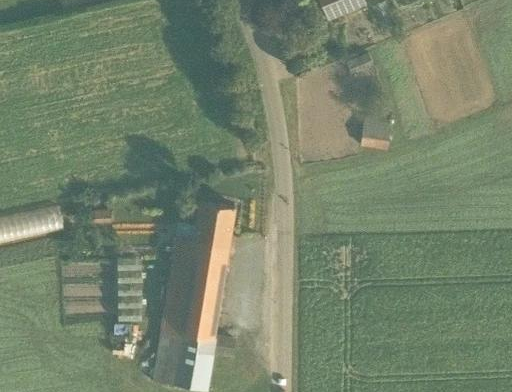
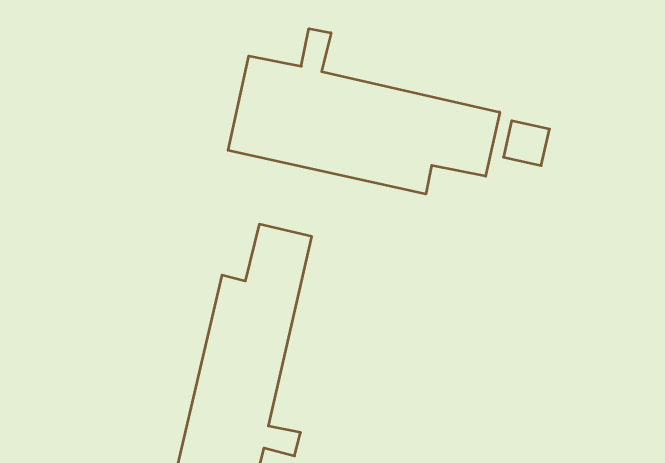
building: none -> [228,29,500,194]

